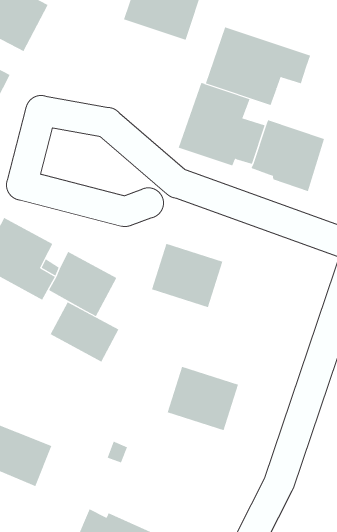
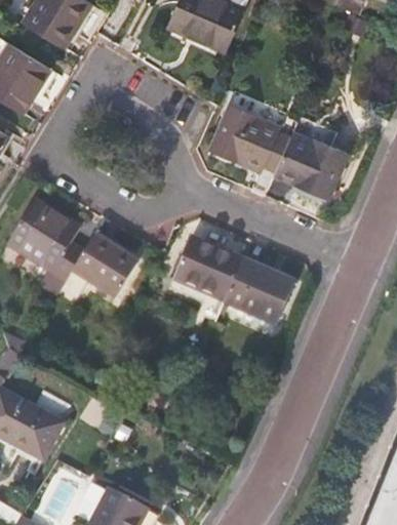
building: [205,27,311,106] -> none
building: [50,301,119,362] -> none
building: [167,366,239,431] -> [225,261,294,325]

